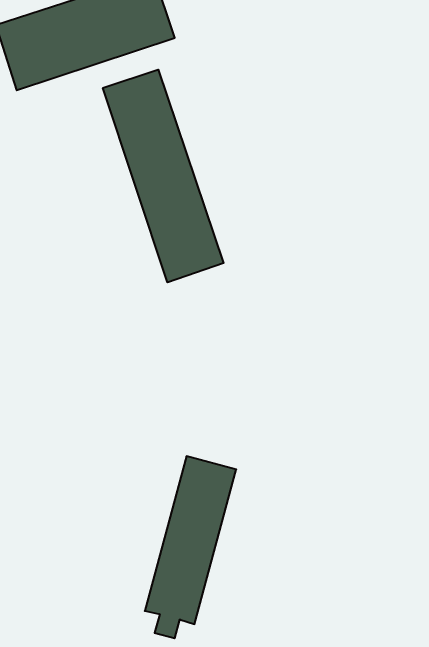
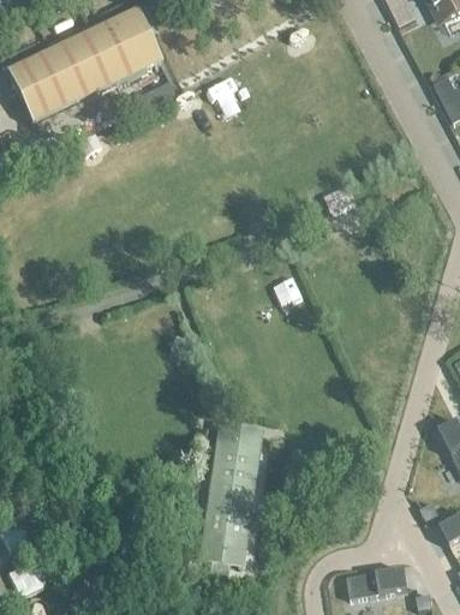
building: [103,70,224,282] -> none

